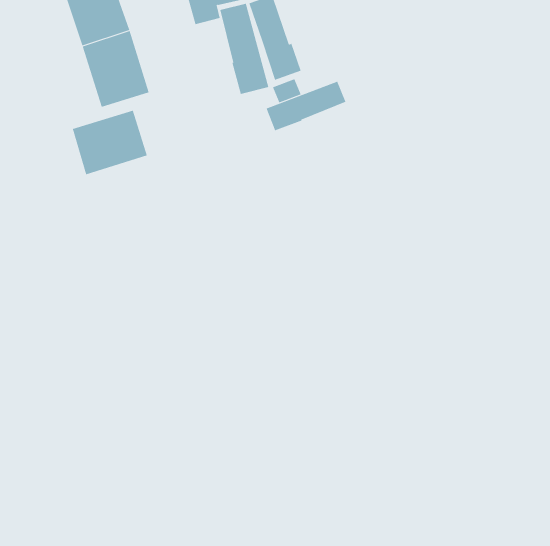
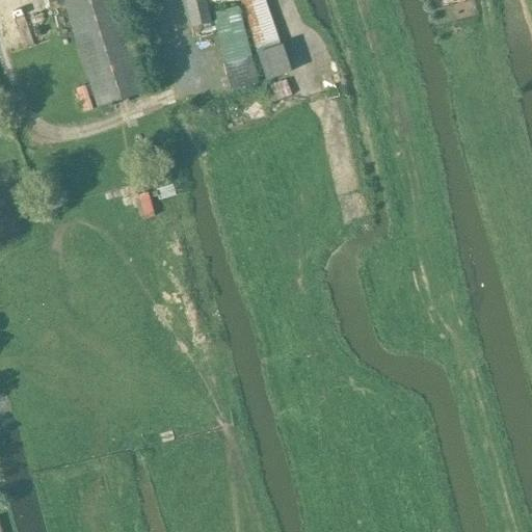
building: [266,81,346,131] -> none
building: [72,110,148,175] -> none

